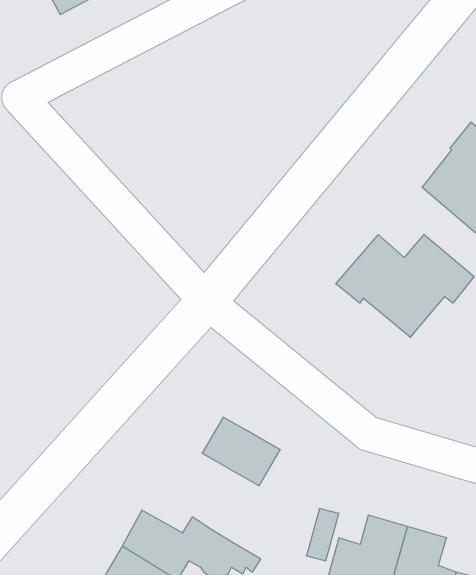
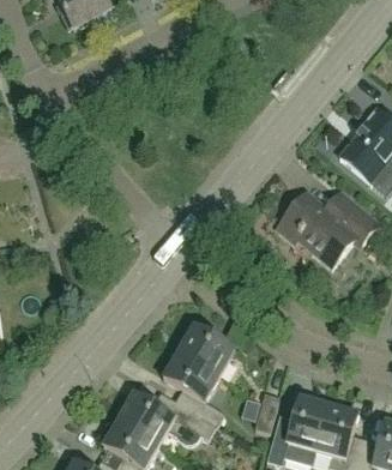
building: none -> [162,351,224,426]

